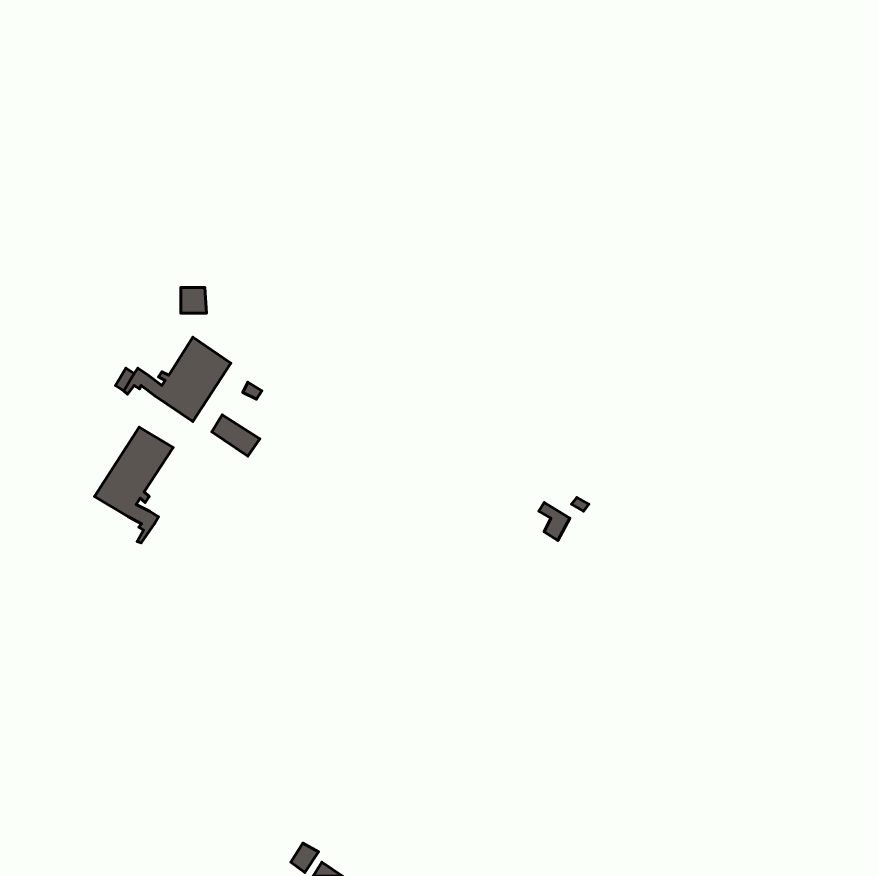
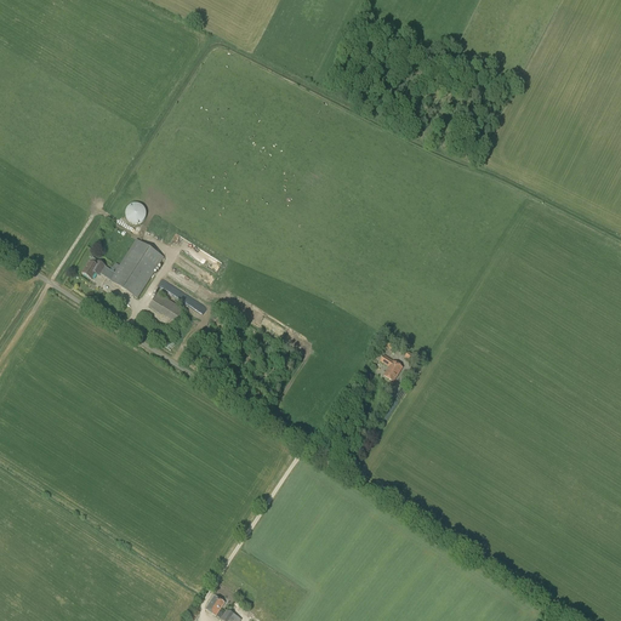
building: [94,427,173,543] -> none

